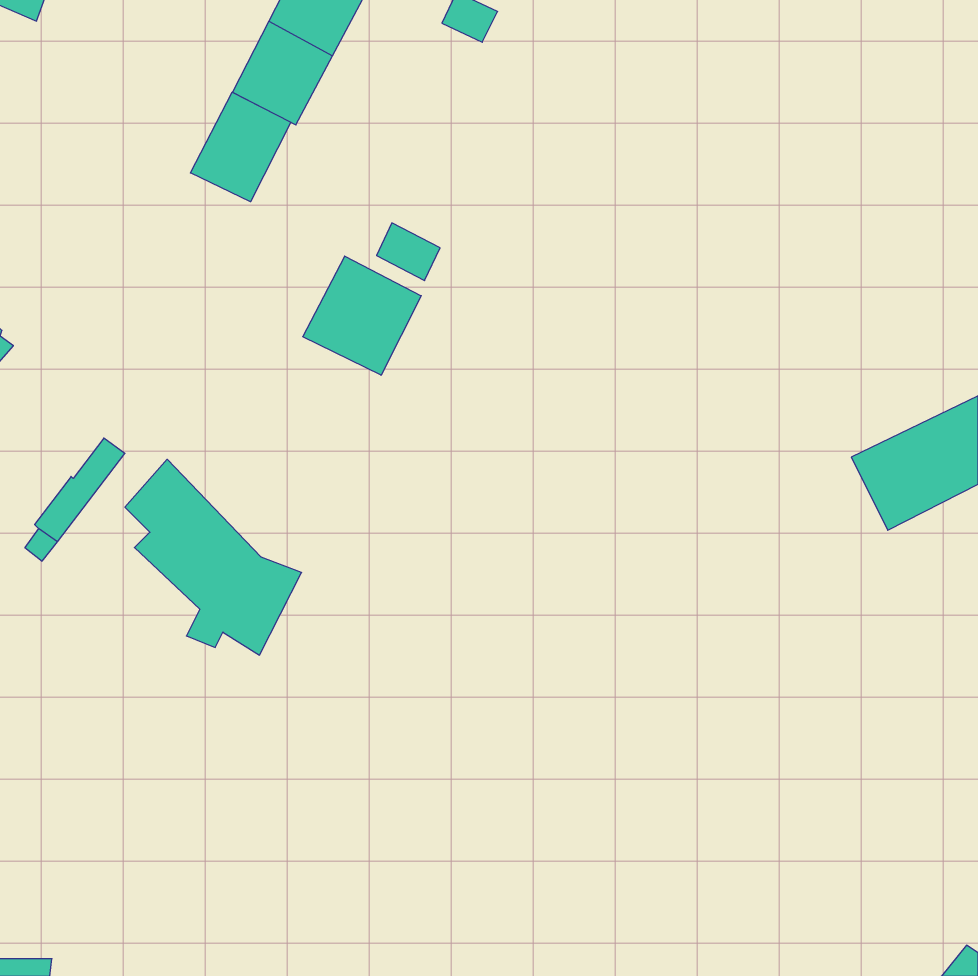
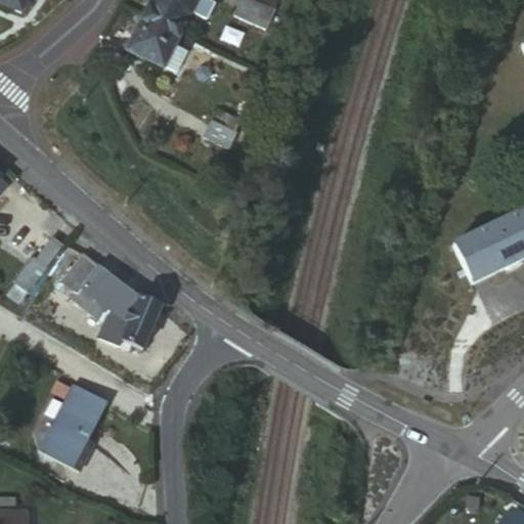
building: [190,92,291,202] -> none
building: [303,256,421,375] -> none
building: none -> [38,384,104,469]

